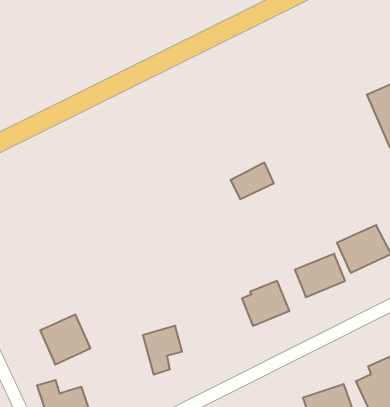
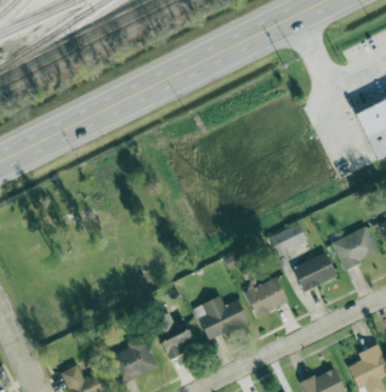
building: [230,163,274,199] -> [268,222,307,255]
building: none -> [193,296,249,341]
building: [40,314,90,365] -> [112,337,157,382]

